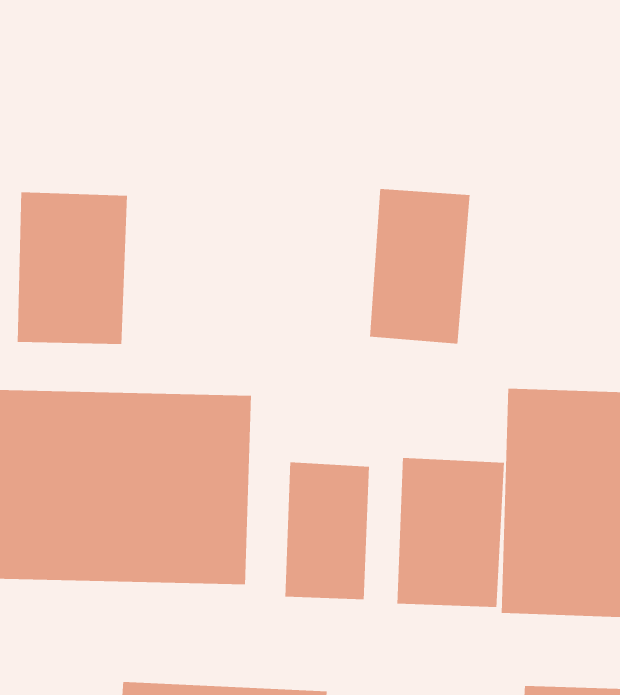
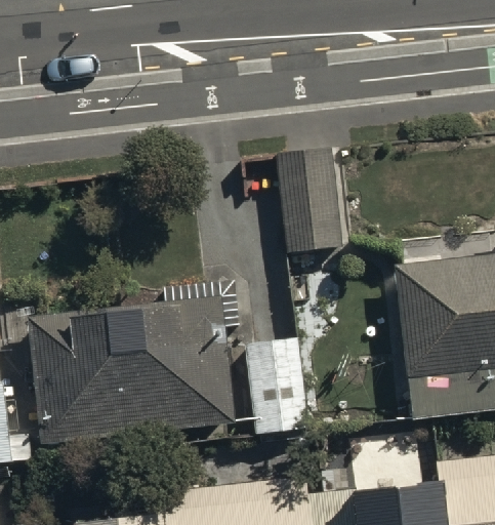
building: [17,191,128,345] -> none
building: [397,457,505,608] -> none

